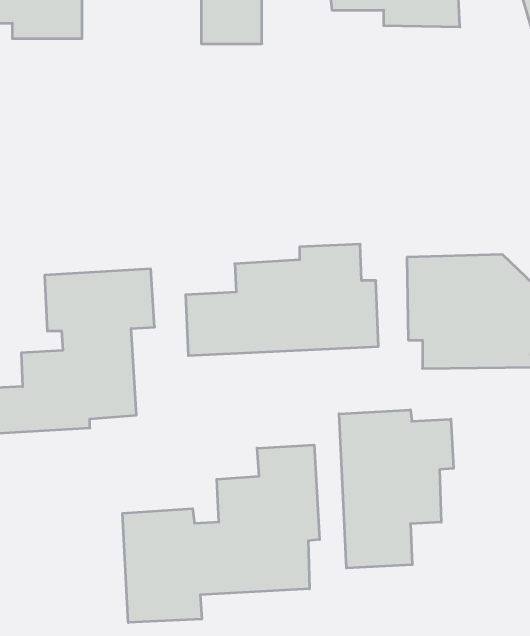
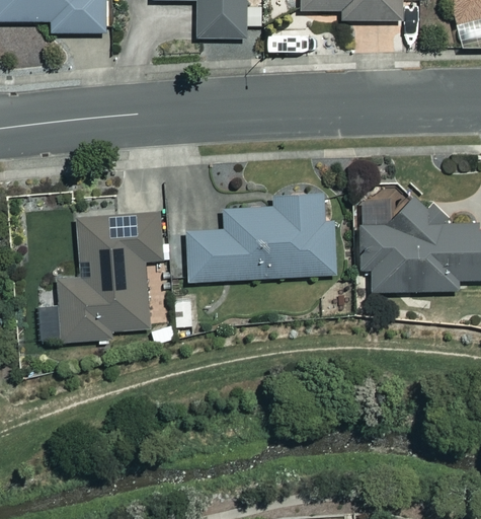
building: [339,410,454,568] -> none
building: [123,445,320,623] -> none

